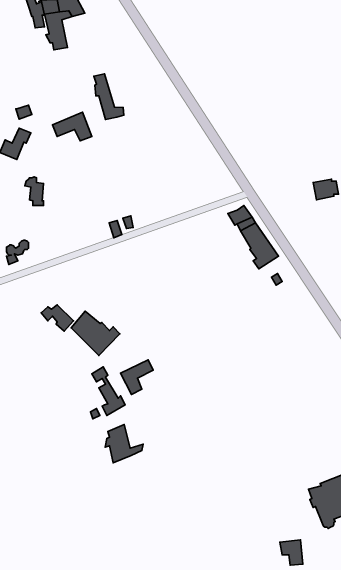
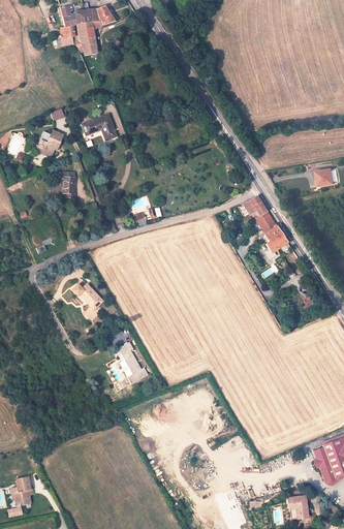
building: [94,74,124,120] -> none
building: [71,311,120,355] -> none
building: [120,360,153,394] -> none
building: [105,425,143,463] -> none

